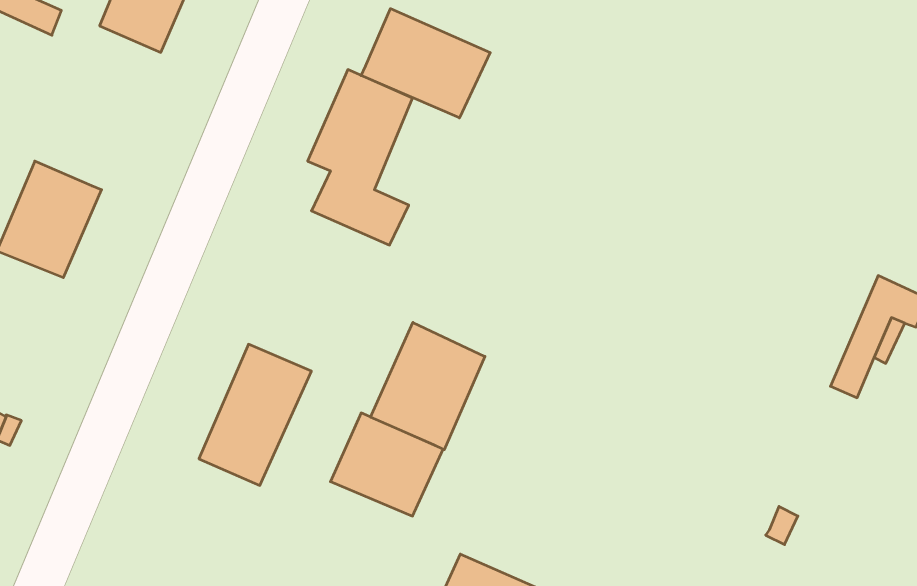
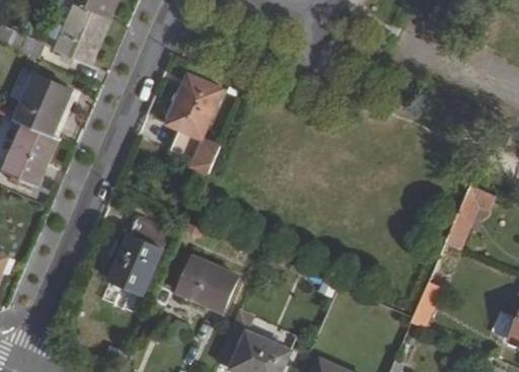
building: [361,9,490,118] -> none
building: none -> [12,73,71,136]
building: [371,322,485,450] -> none

